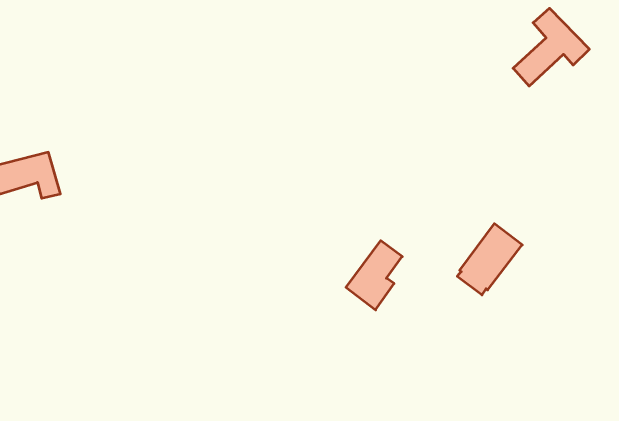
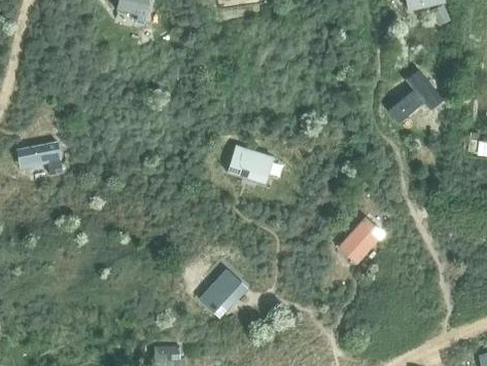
building: none -> [228,146,273,183]
building: [346,241,402,310] -> [200,269,241,318]

